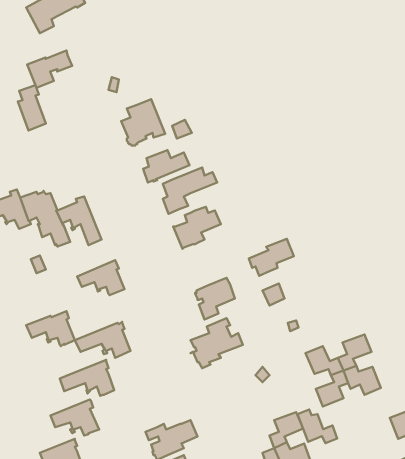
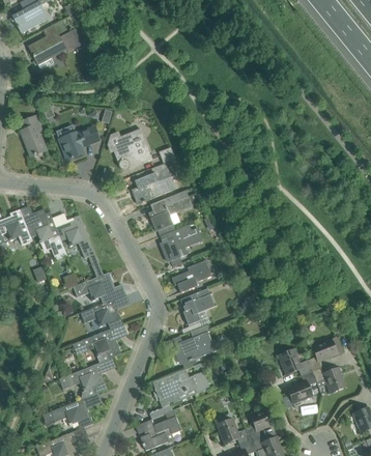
building: [27,51,72,88] -> [59,126,99,160]
building: [249,239,294,276] -> [171,260,211,293]
building: [26,311,75,346] -> [80,298,123,330]
building: none -> [152,369,210,407]
building: [298,409,337,443] -> [215,415,250,445]

